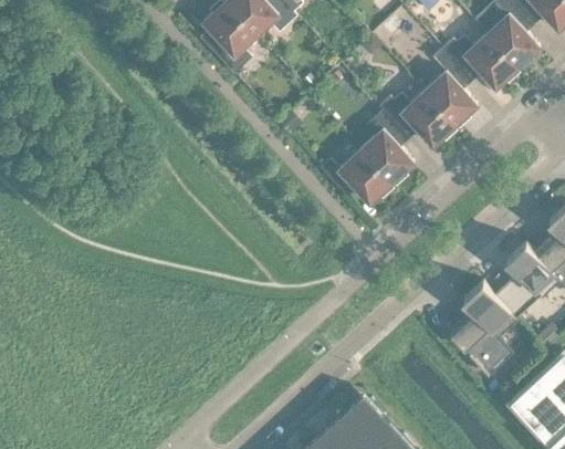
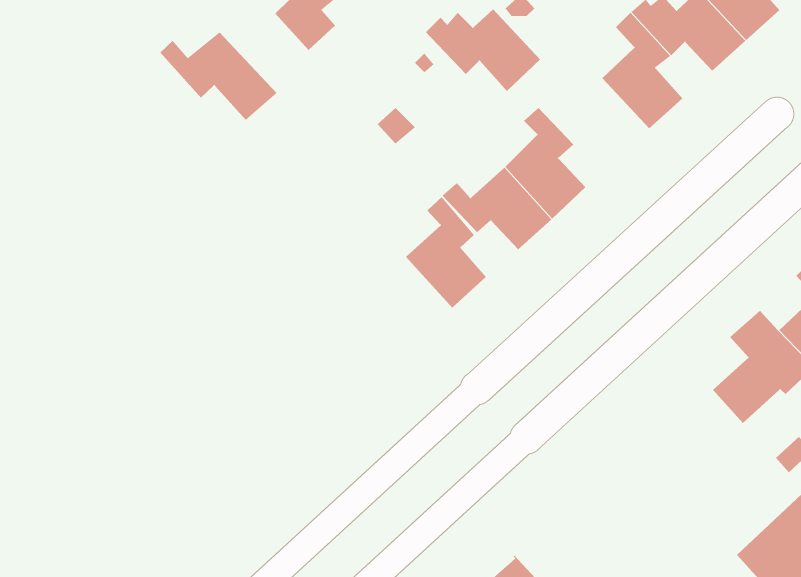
building: none -> [160,31,278,121]
building: [379,92,454,146] -> [425,8,541,92]
building: none -> [405,196,487,308]
building: [451,282,519,375] -> none

